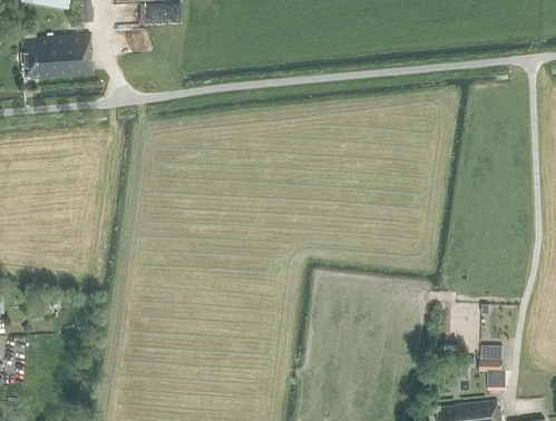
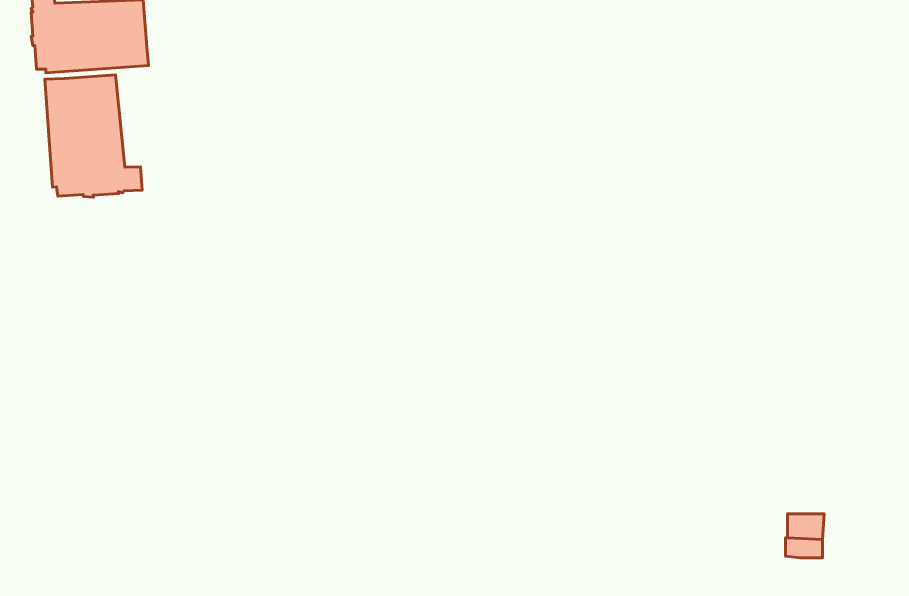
building: none -> [45,75,142,197]

